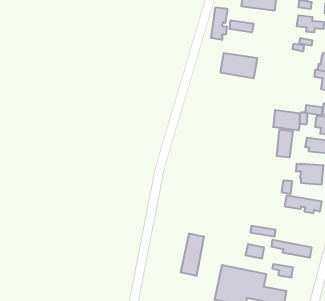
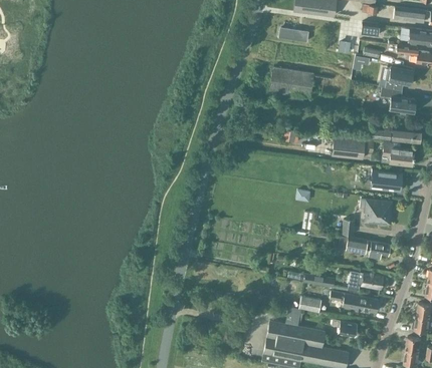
building: [211,7,227,40] -> none
building: [277,129,293,158] -> none
building: none -> [348,271,383,291]
building: [181,233,204,276] -> none

